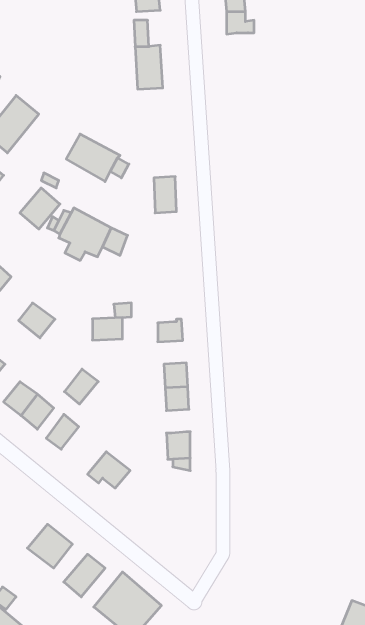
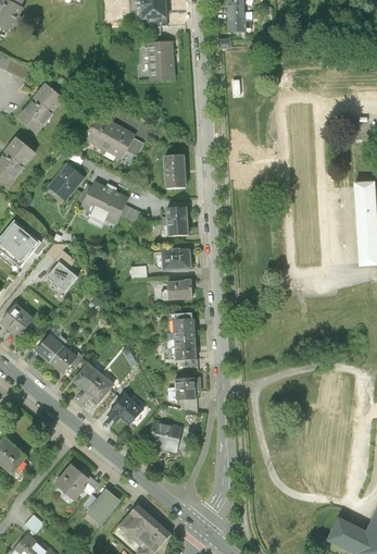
building: none -> [166,207,187,234]
building: [92,318,122,340] -> [163,250,189,270]
building: [64,369,98,404] -> [84,372,113,403]
building: none -> [148,419,181,452]

